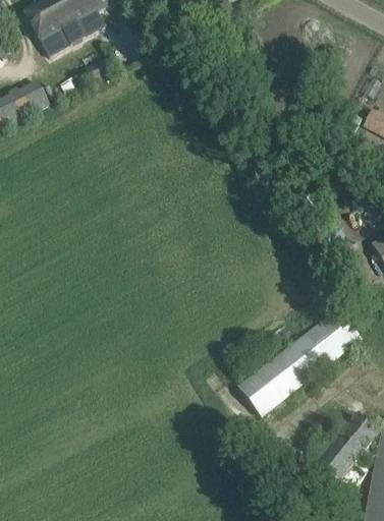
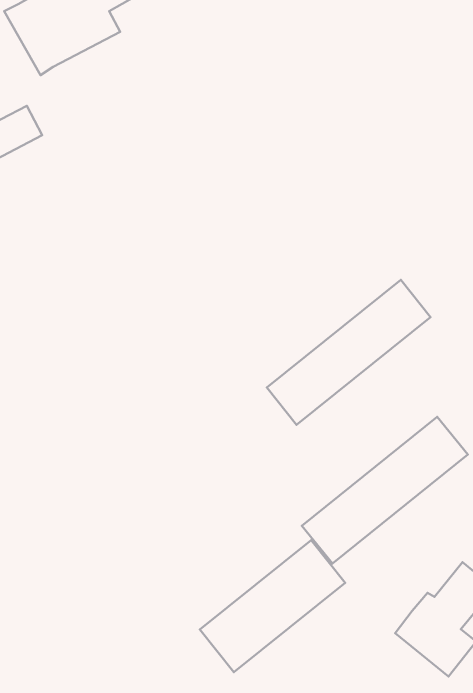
building: none -> [267,280,431,425]
building: none -> [200,540,345,672]

